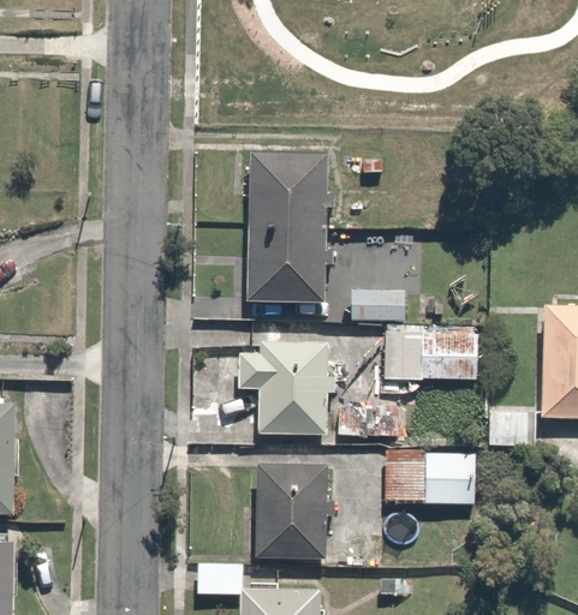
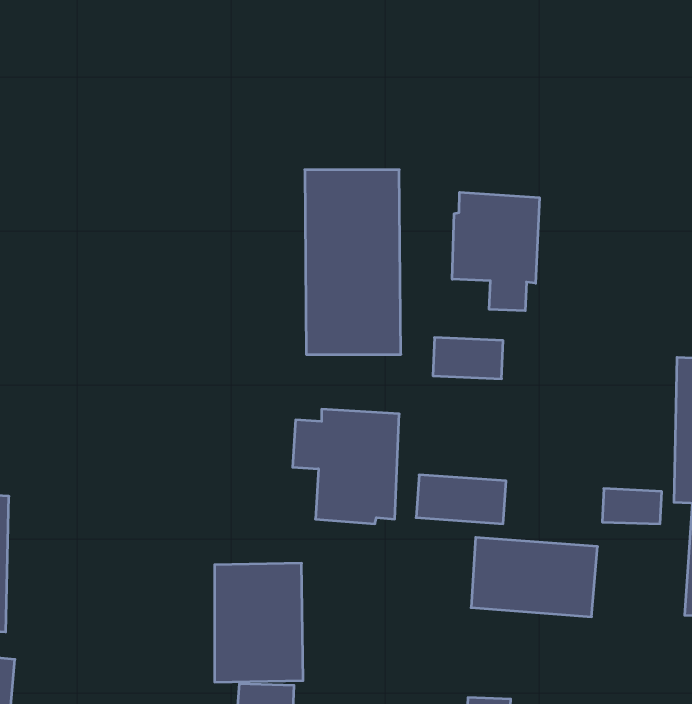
building: none -> [452,192,539,311]
building: [382,323,479,396] -> none
building: [256,464,326,557] -> [215,563,303,682]

